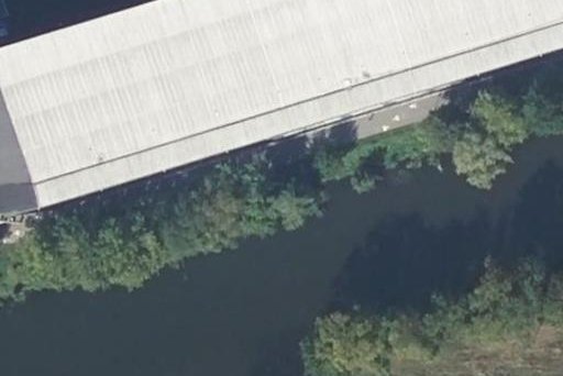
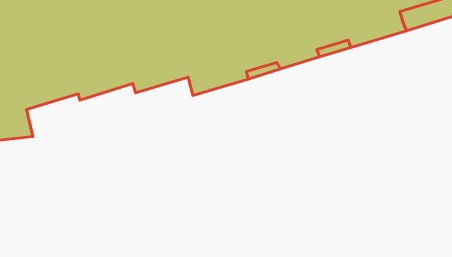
building: [47,126,245,206] -> none

